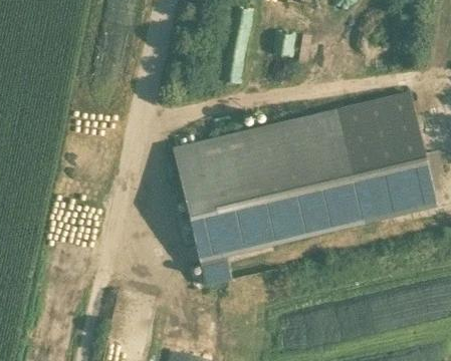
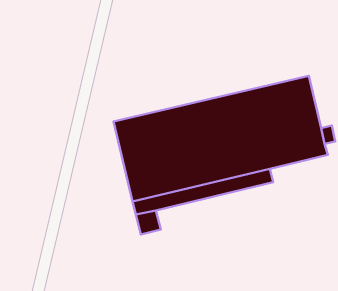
building: [362,188,435,221] -> none

